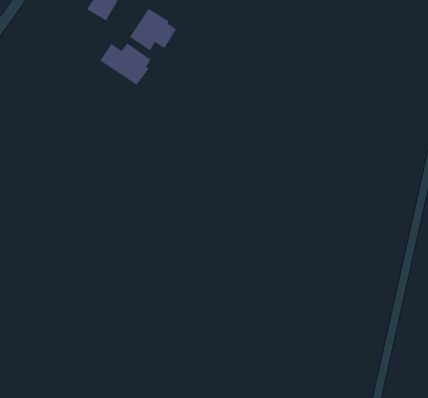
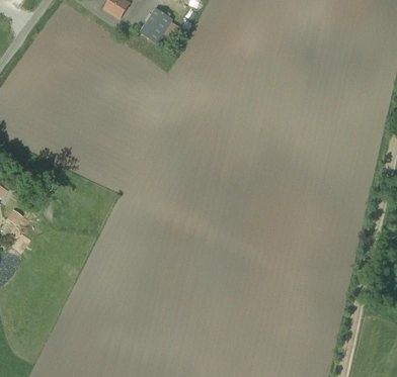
building: [100,42,151,86] -> none

